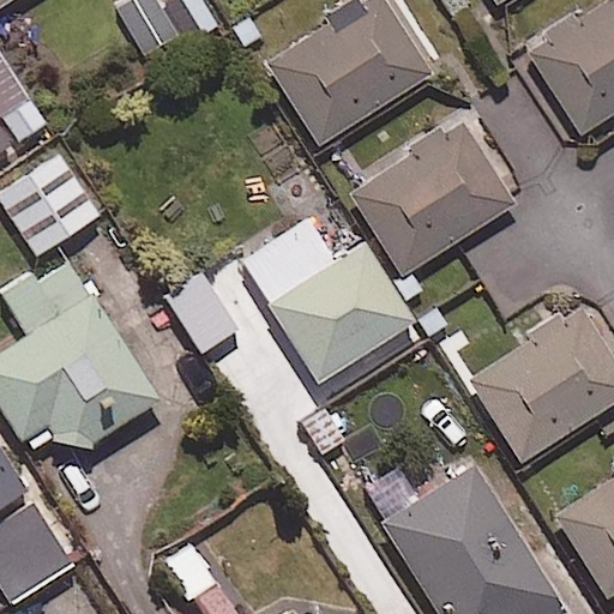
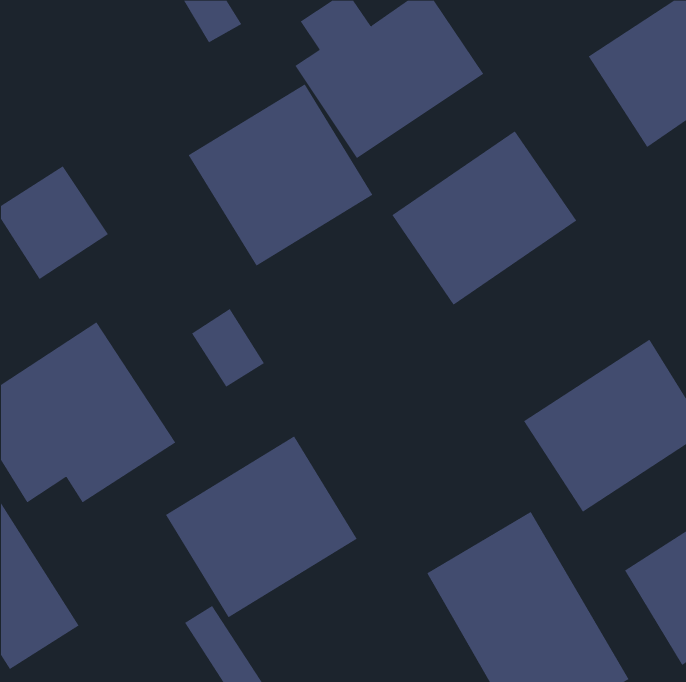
building: none -> [188,83,373,267]
building: [239,217,413,381] -> none
building: none -> [165,436,357,618]

